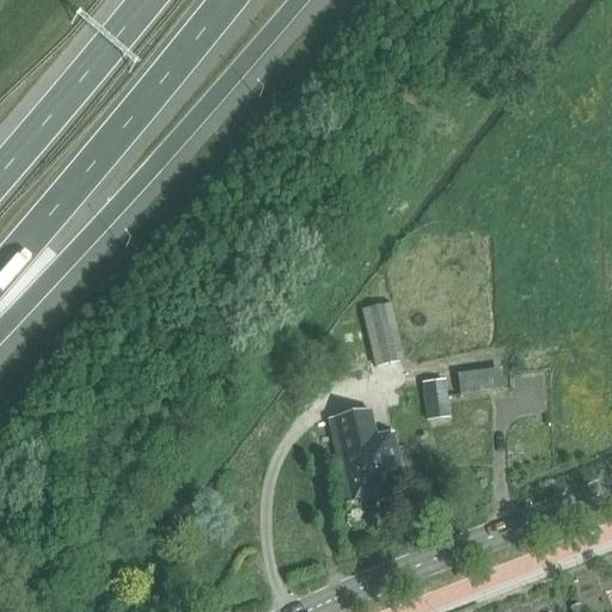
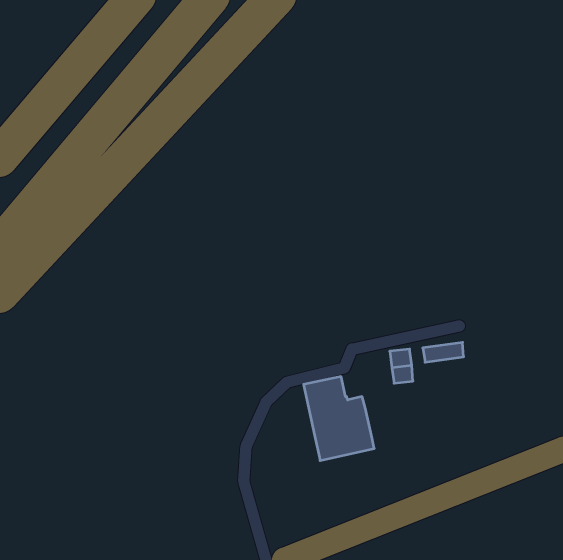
building: [362,300,403,362] -> none

